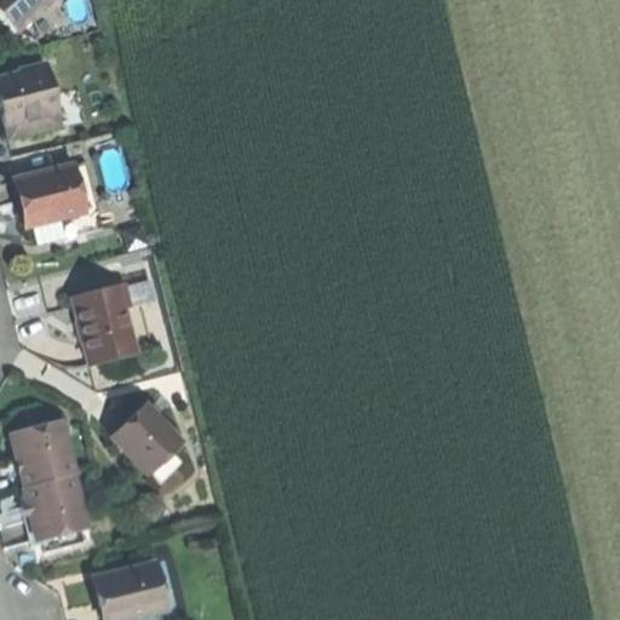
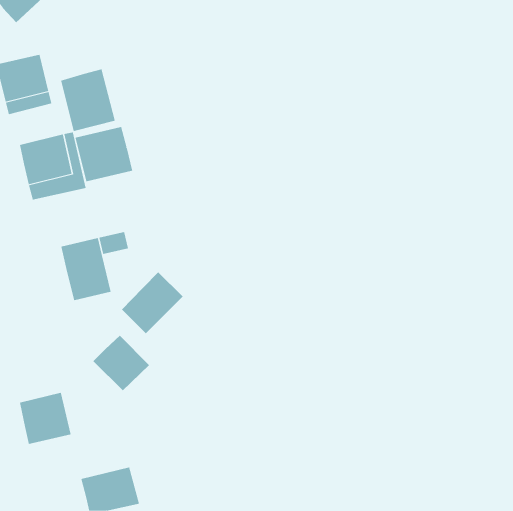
building: none -> [61,68,115,132]
building: none -> [75,126,133,182]
building: none -> [121,271,184,334]
building: [12,419,74,484] -> none

